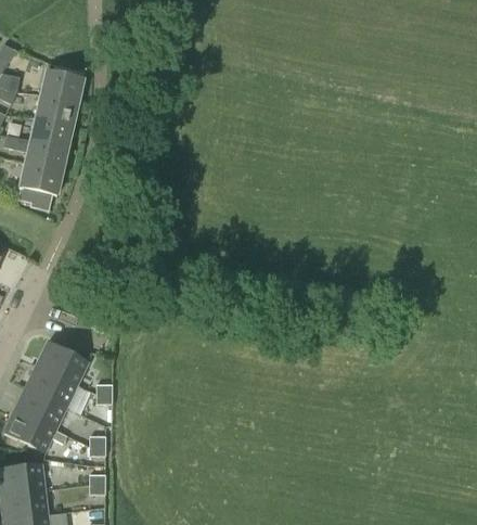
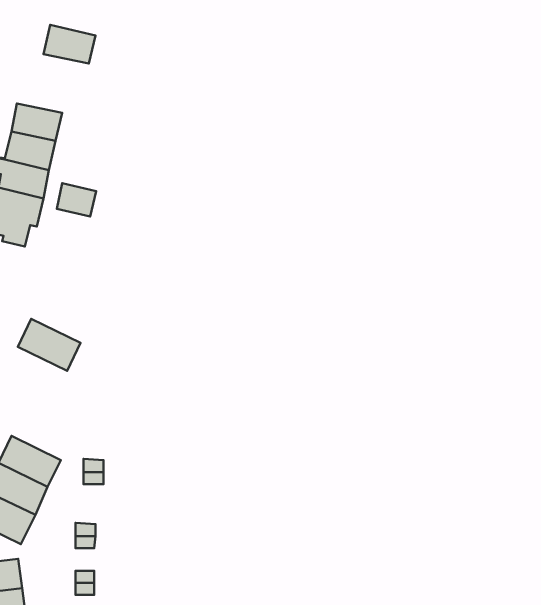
building: [41,71,83,102] -> [43,25,95,64]
building: none -> [57,183,96,216]
building: [37,342,88,384] -> [18,319,80,371]

